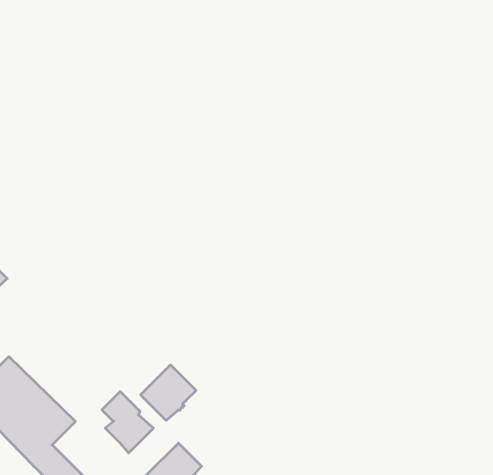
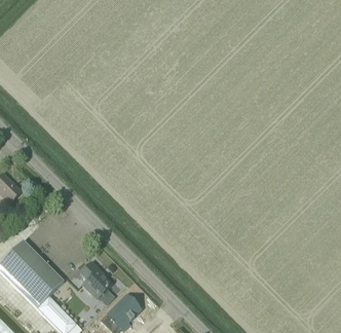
building: [141,365,196,420] -> none

